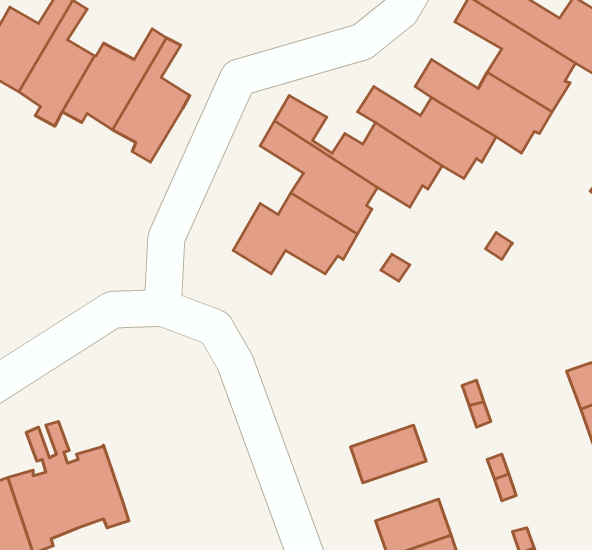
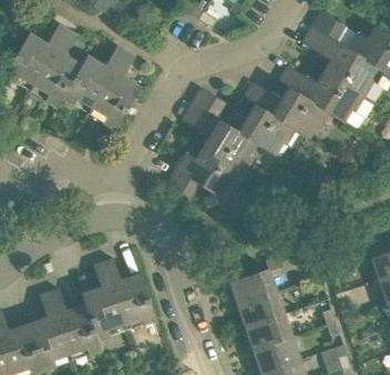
building: none -> [80,257,155,338]
building: none -> [228,267,276,304]
building: none -> [245,313,291,349]

